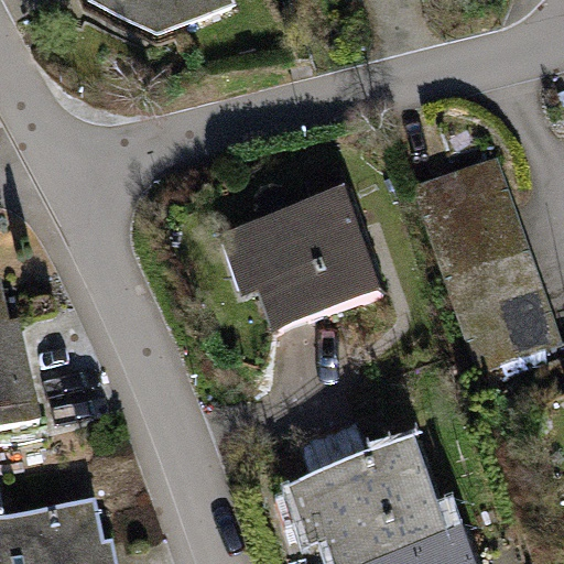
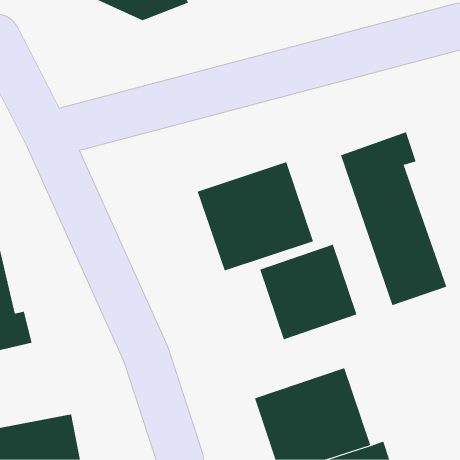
building: none -> [260,244,357,340]

